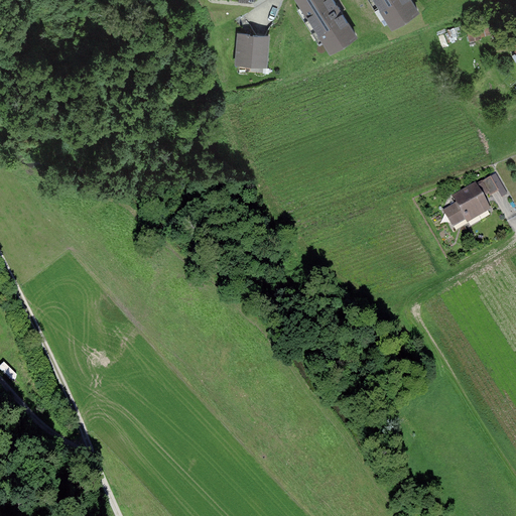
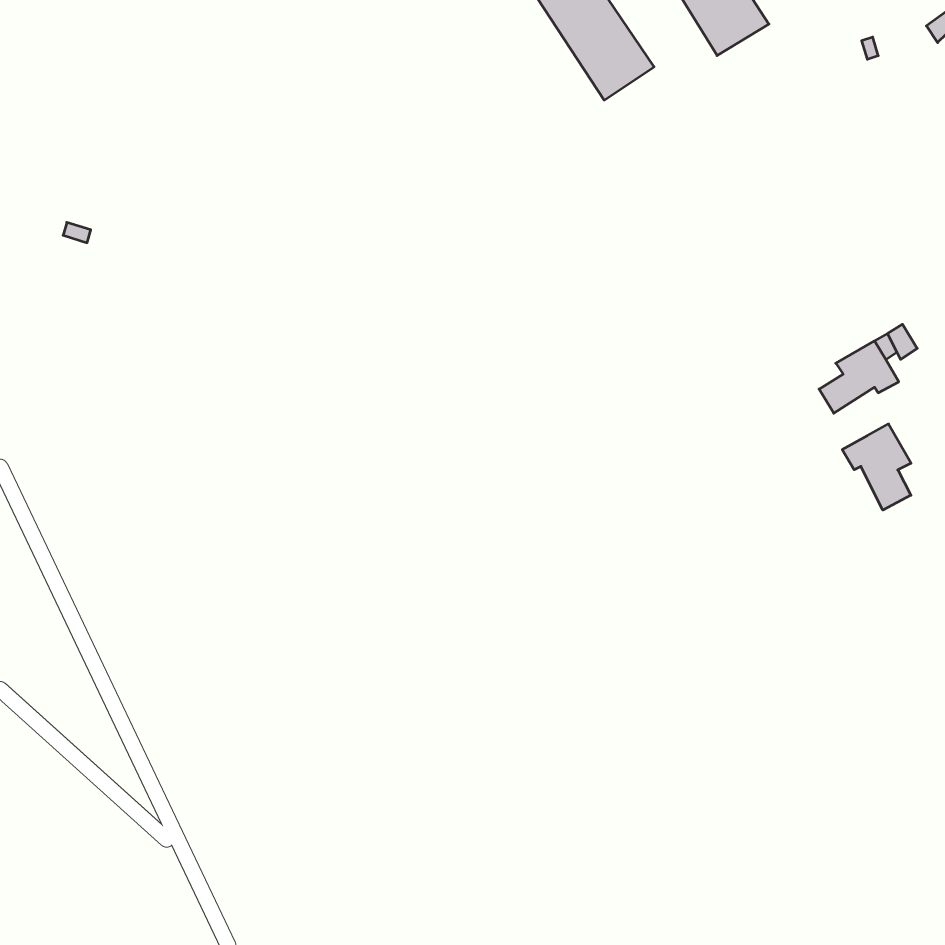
building: [234,31,270,67] -> none
building: none -> [842,424,911,510]

